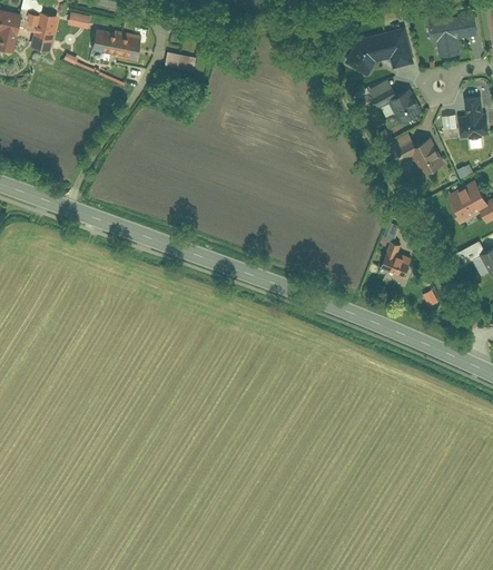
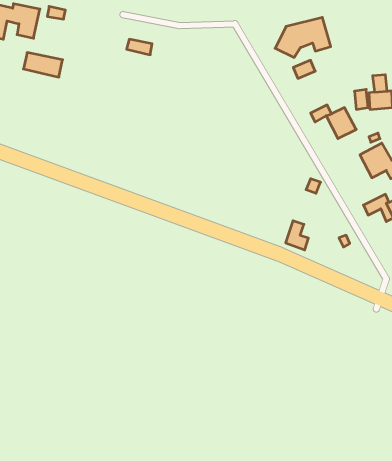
building: [426,13,477,57] -> none
building: [91,31,139,61] -> [23,53,63,77]
building: [386,85,422,121] -> none
building: [381,242,408,277] -> [286,221,308,250]

